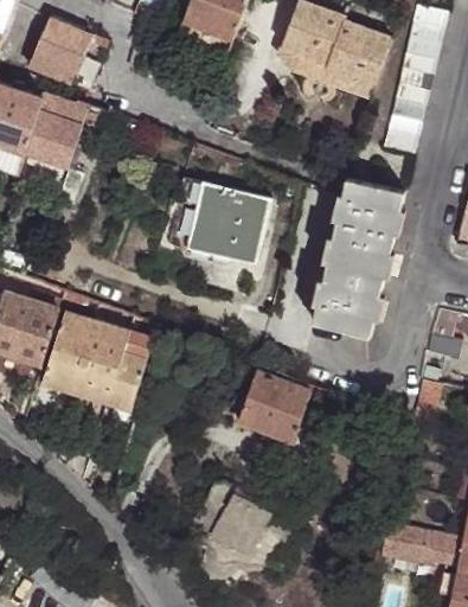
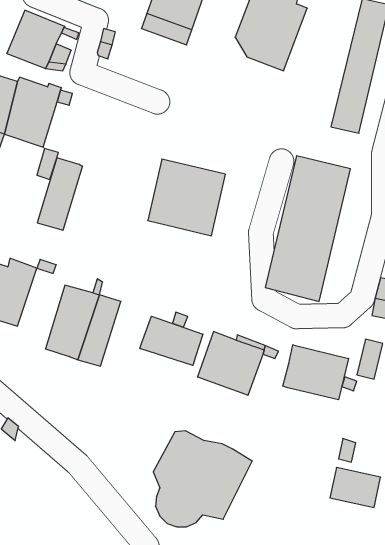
building: [332,15,392,96] -> none
building: [41,311,91,390] -> [37,158,83,230]
building: none -> [140,316,203,365]
building: none -> [283,345,349,400]

